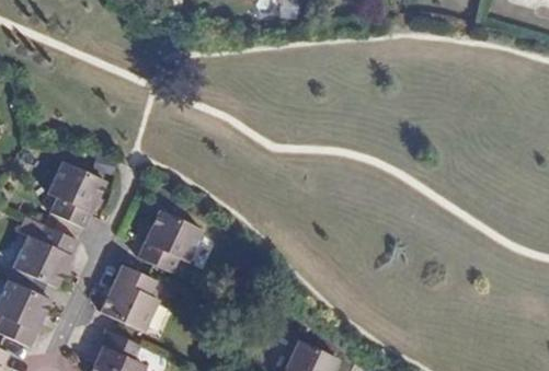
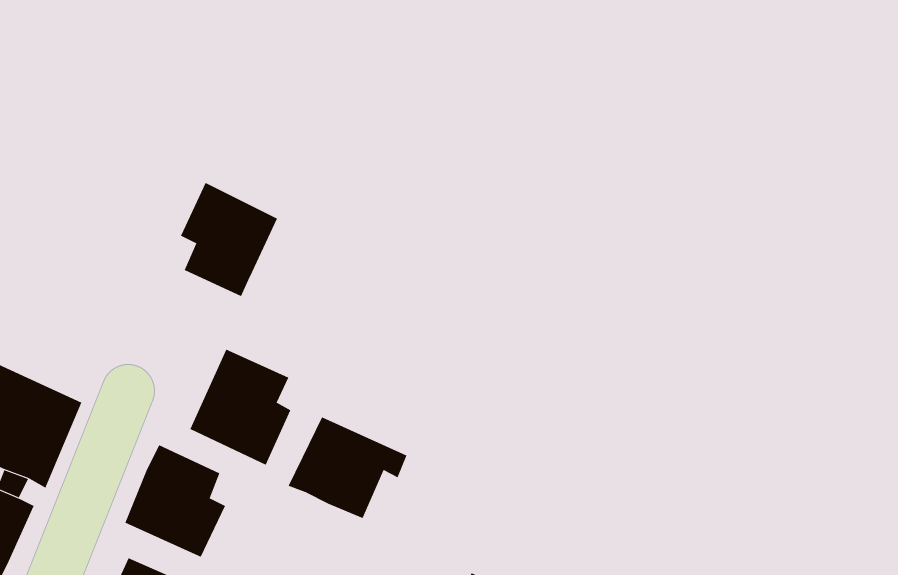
building: [49,162,105,228] -> [180,182,278,297]
building: none -> [288,417,407,519]

